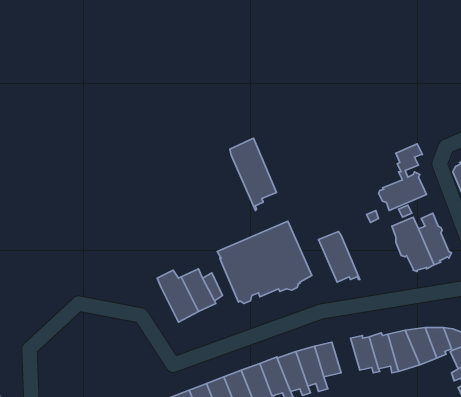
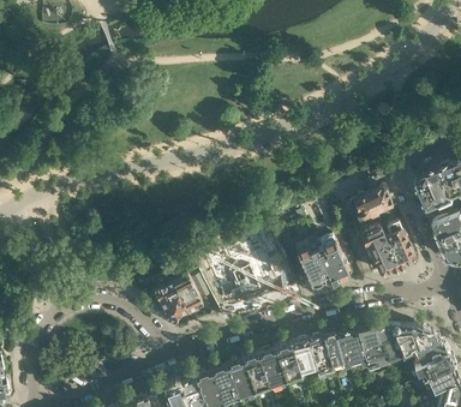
building: [230,138,276,210] -> none
building: none -> [315,238,348,285]
building: none -> [306,337,331,377]

